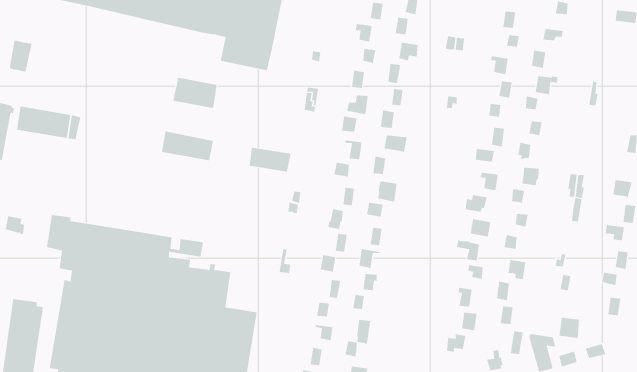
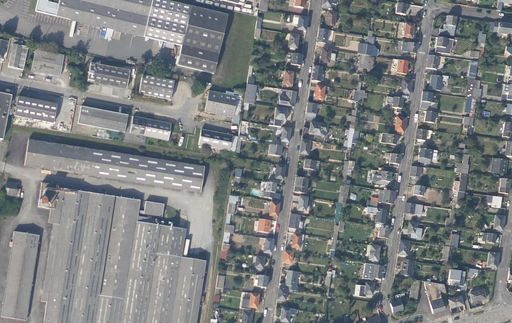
building: none -> [31,50,64,77]
building: none -> [88,64,130,89]
building: none -> [205,89,243,122]
building: none -> [78,108,129,133]
building: none -> [24,141,204,193]
building: none -> [9,236,39,258]

